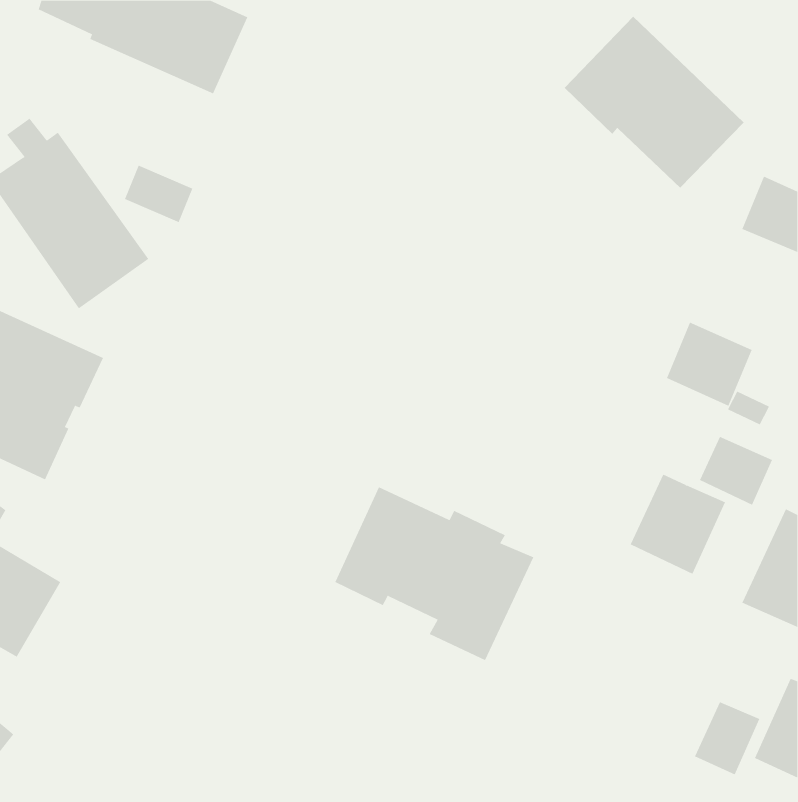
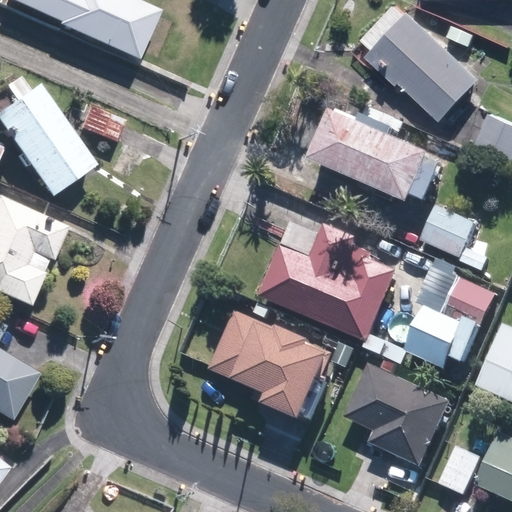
building: none -> [304,106,437,201]
building: none -> [264,226,405,345]
building: none -> [351,366,454,467]

